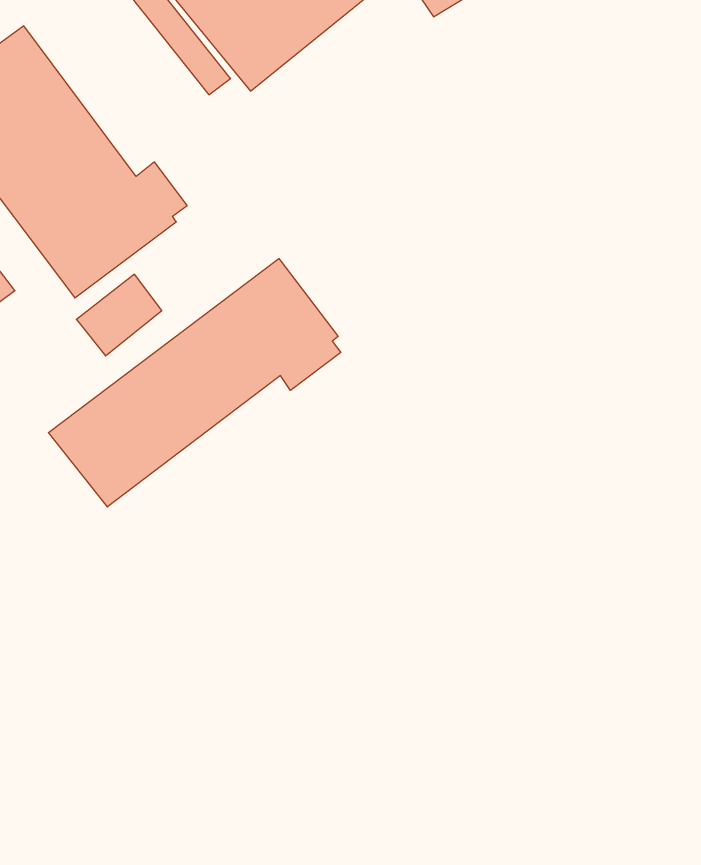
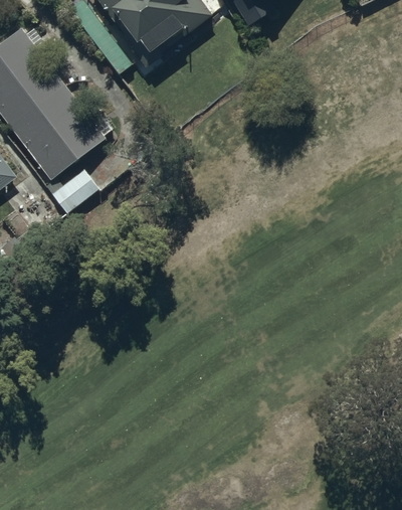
building: [48,259,341,507] -> none

